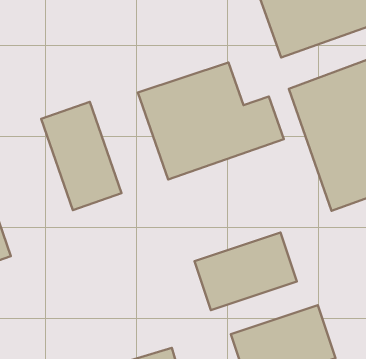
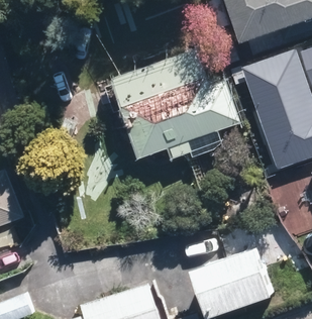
building: [41,102,122,210] -> none
building: [194,233,297,310] -> none

